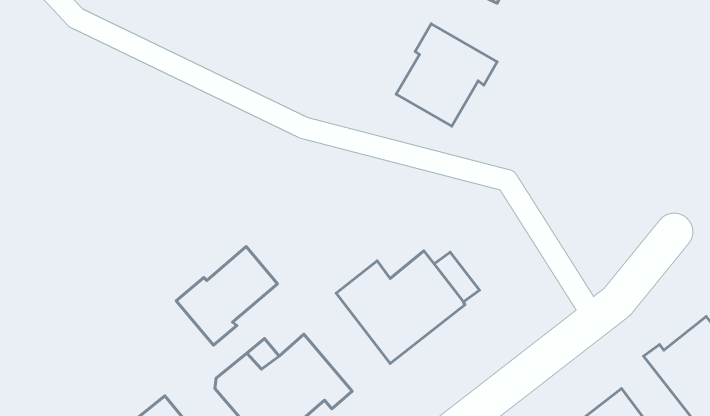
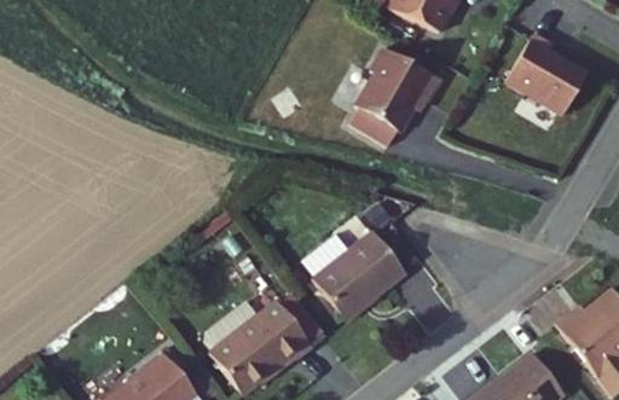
building: none -> [503,33,585,114]
building: [176,247,278,345] -> none

